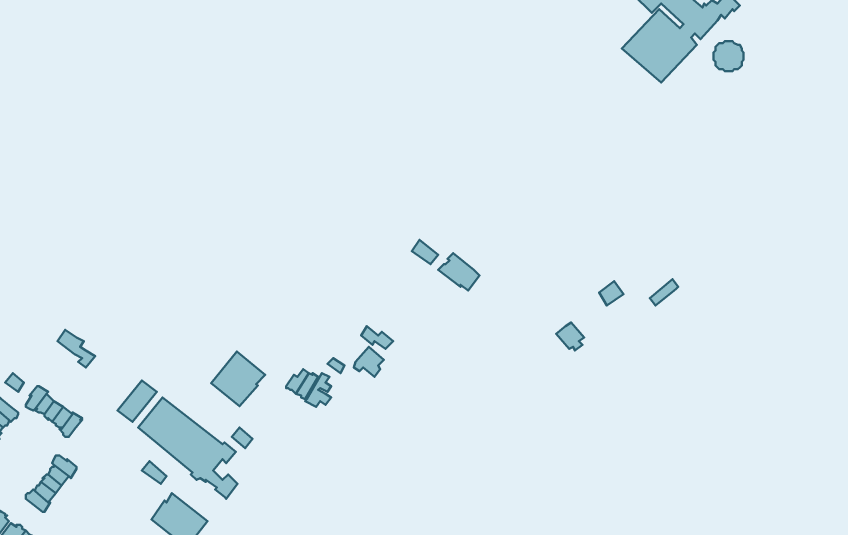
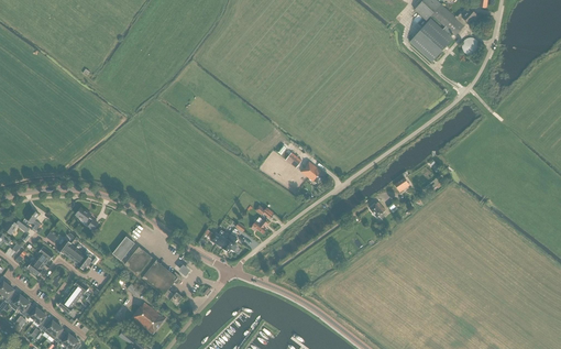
building: [211,352,265,406] -> none

